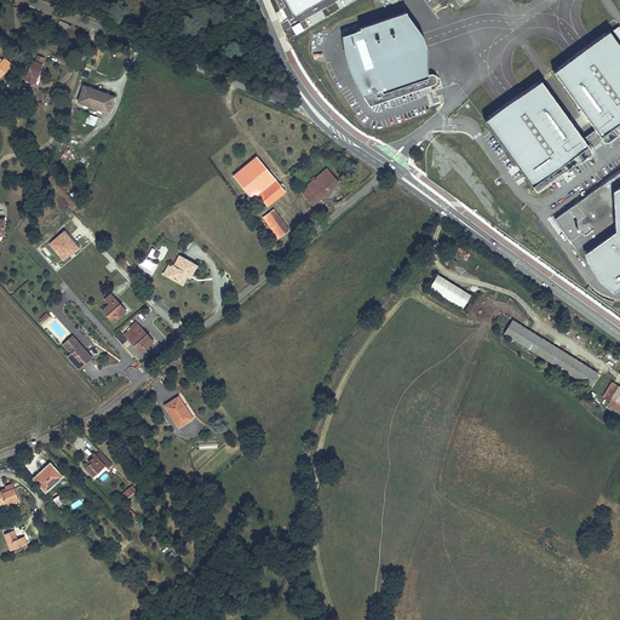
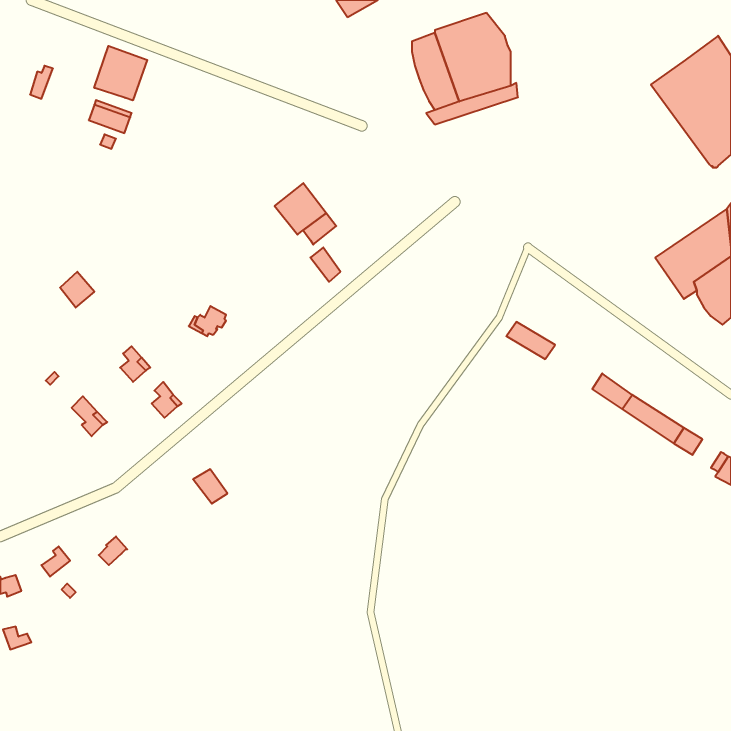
building: none -> [94,46,147,100]
building: [483,80,590,194] -> none
building: [298,168,338,206] -> none

